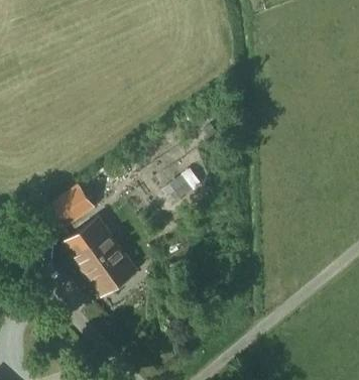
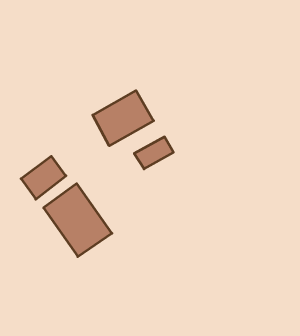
building: none -> [93,91,154,146]

